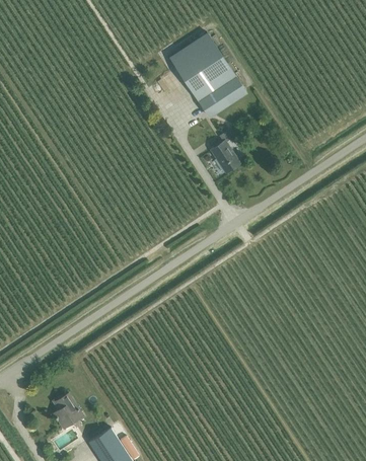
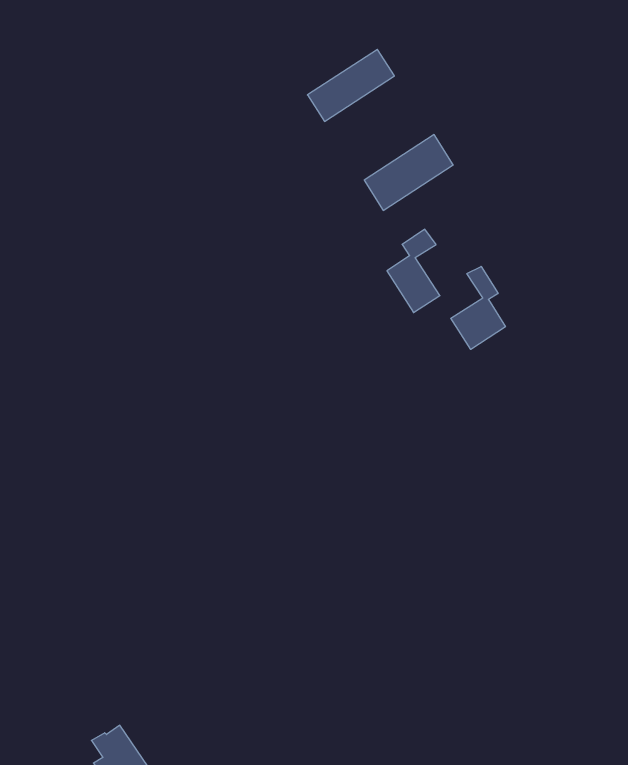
building: [177,47,236,102] -> none
building: none -> [451,266,505,349]

